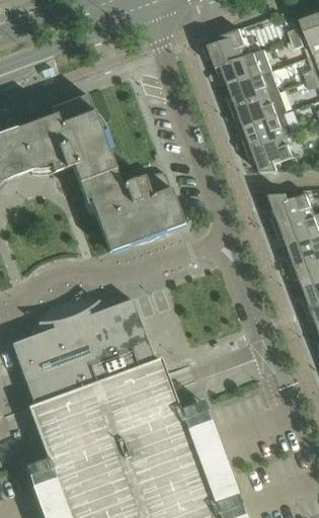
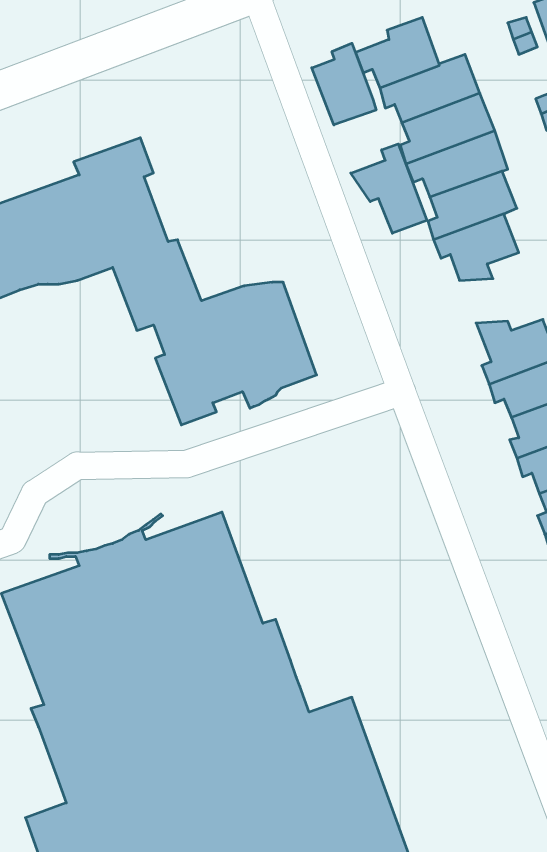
building: none -> [312,43,376,125]
building: none -> [351,144,427,233]

